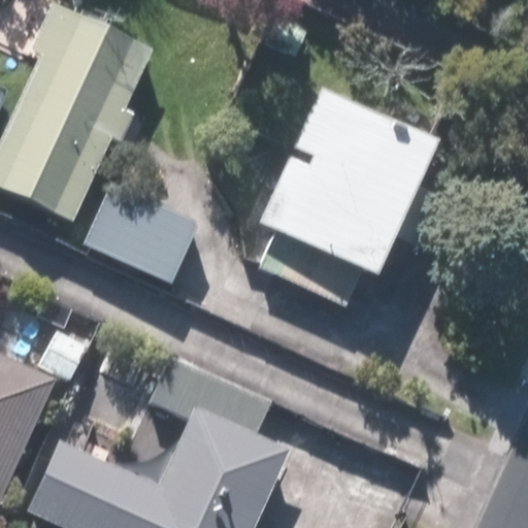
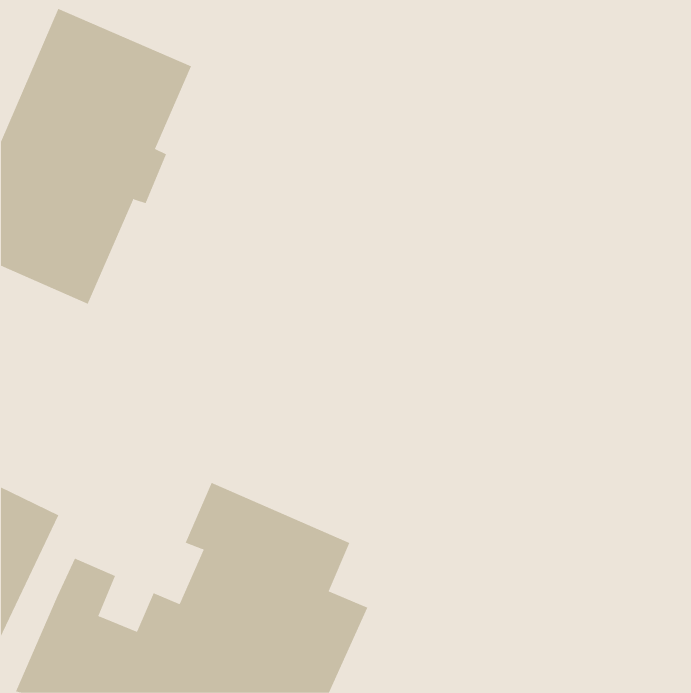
building: [252,98,434,291] -> none
building: [77,178,209,295] -> none

